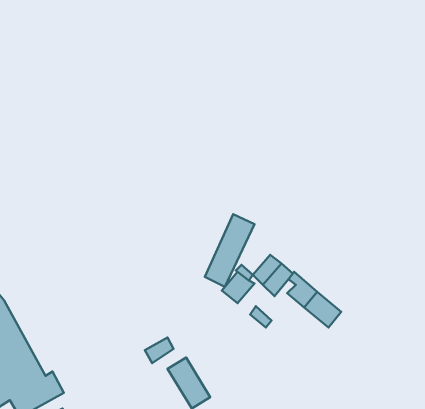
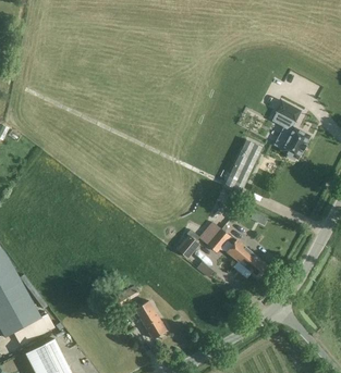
building: none -> [275,101,309,160]
building: [205,214,255,287] -> [223,139,261,195]

